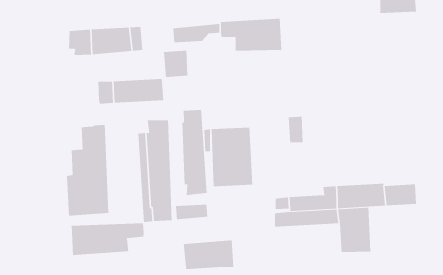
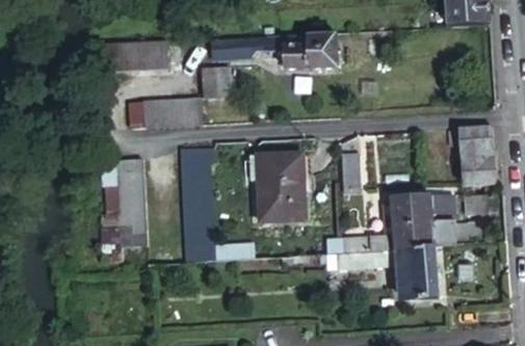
building: none -> [452,126,498,184]
building: [182,109,207,196] -> none
building: none -> [384,193,455,222]
building: [71,222,144,256] -> none
building: [183,240,234,270] -> none

